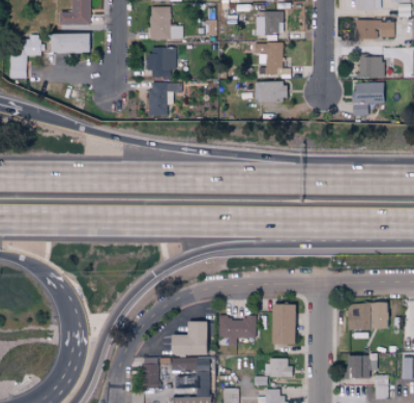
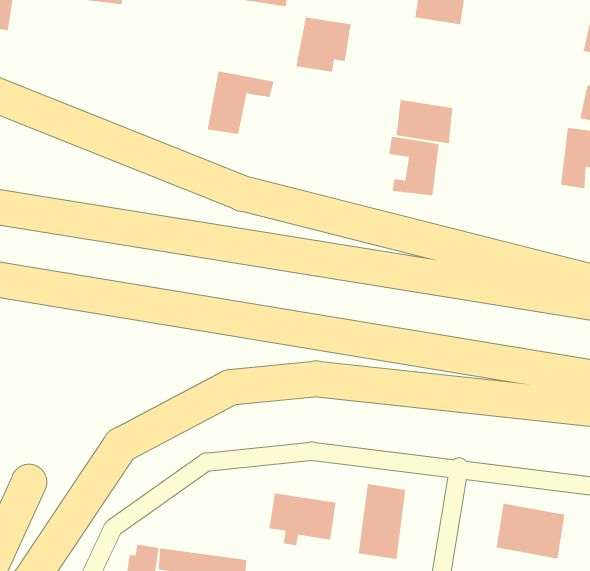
building: [255,44,284,75] -> [388,136,439,196]
building: [149,48,177,77] -> [296,17,352,72]
building: [170,320,206,353] -> none

